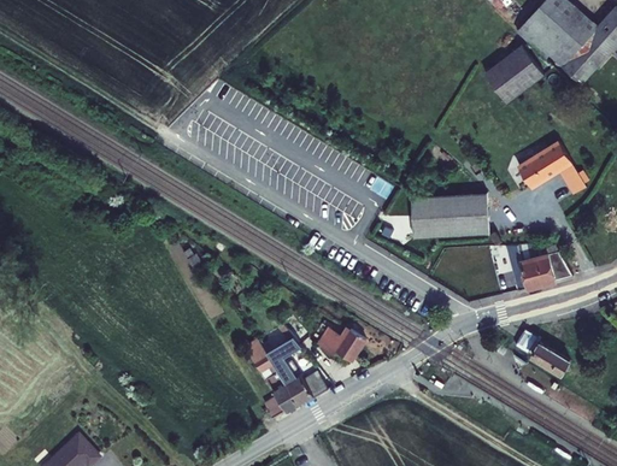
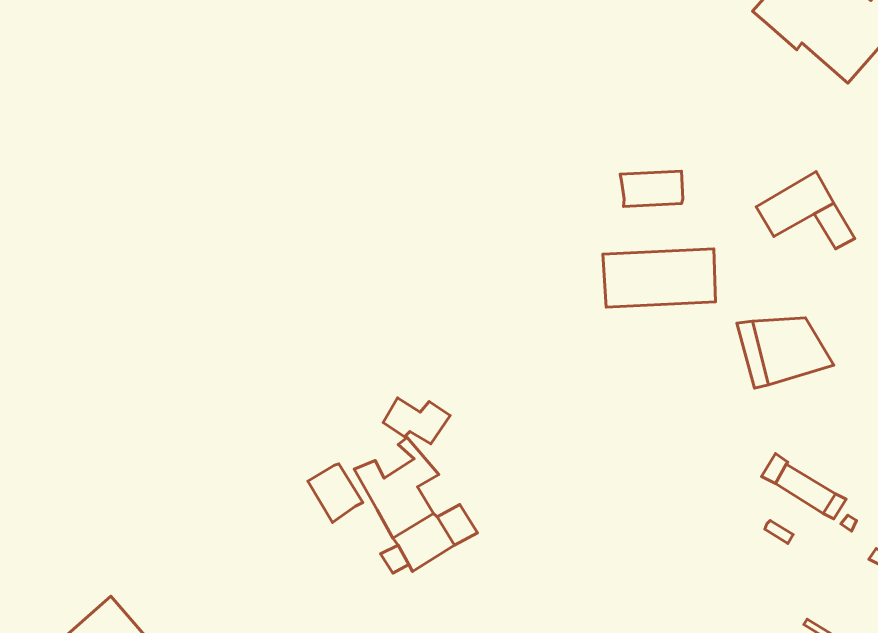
building: [484,46,543,104] -> none
building: none -> [620,171,683,207]
building: [317,329,363,360] -> [383,398,450,444]
building: none -> [308,464,363,522]

